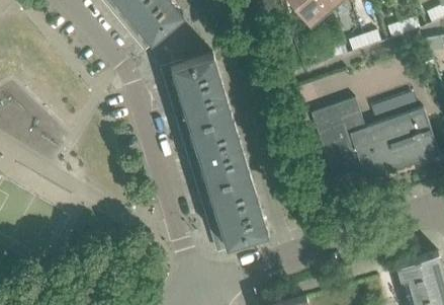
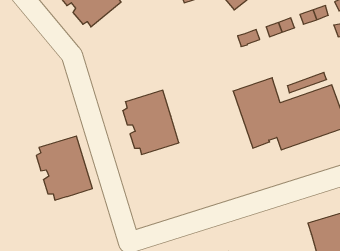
building: [167,54,231,128] -> none
building: [203,174,267,247] -> [36,136,92,200]

